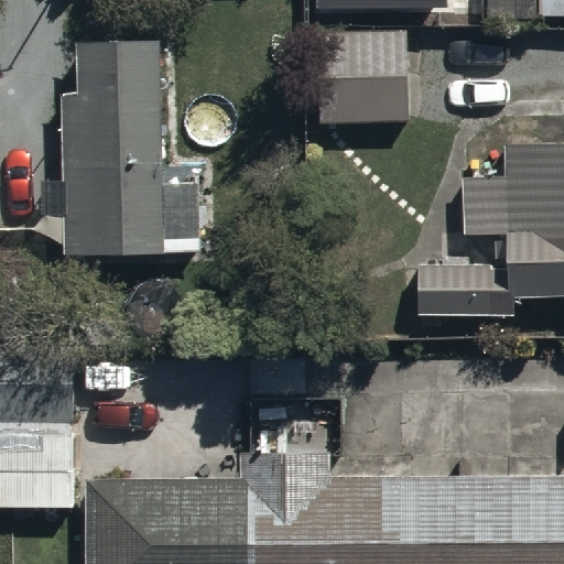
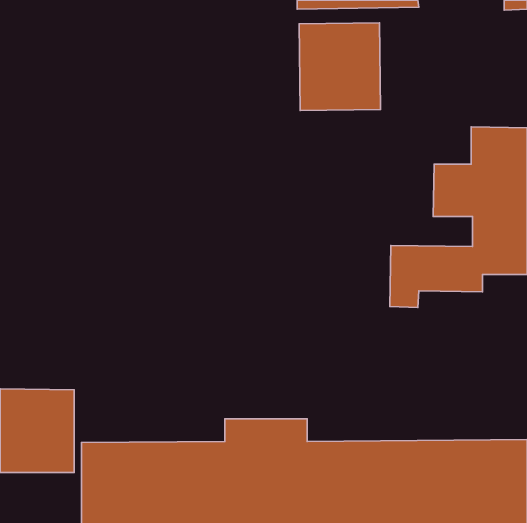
building: [43,45,199,251] -> none

